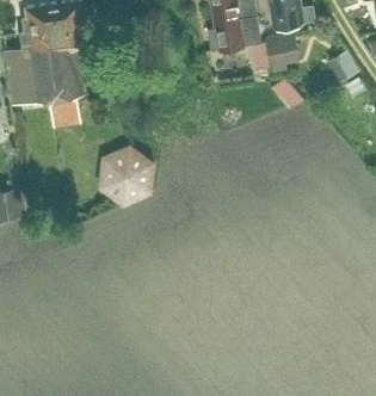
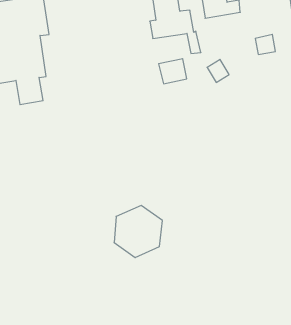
building: [266,37,300,67] -> [159,59,187,84]
building: [98,146,155,208] -> [114,205,162,258]

